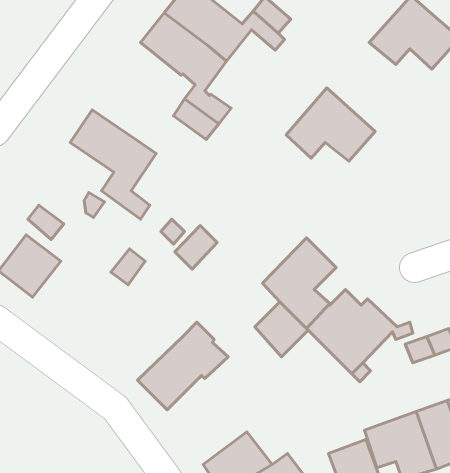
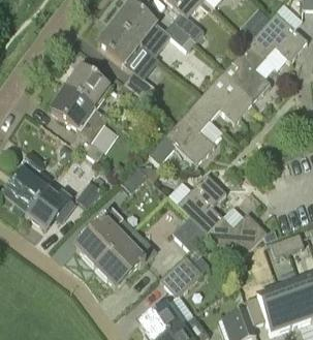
building: none -> [220,42,270,101]
building: none -> [65,65,111,106]
building: none -> [148,103,215,163]
building: none -> [26,182,74,226]
building: none -> [75,207,125,266]
building: none -> [159,253,202,296]

